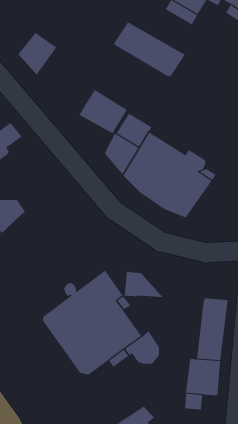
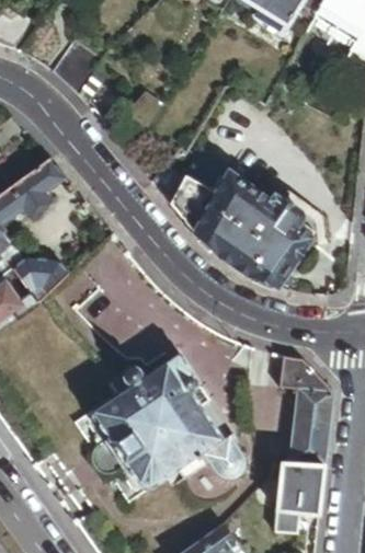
building: [113,21,185,78] -> none
building: [79,89,128,134] -> none
building: [124,271,164,298] -> [280,355,331,389]

